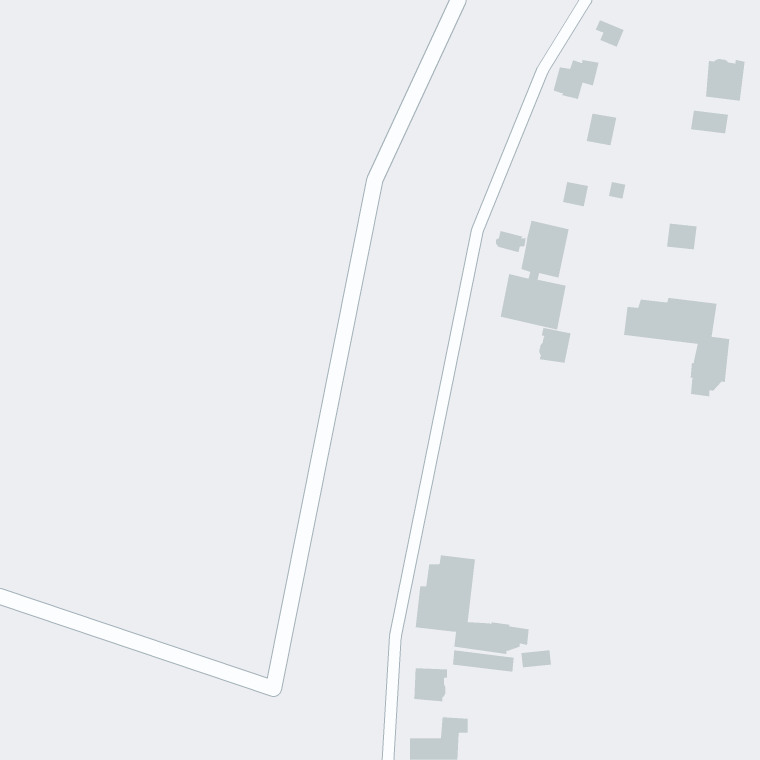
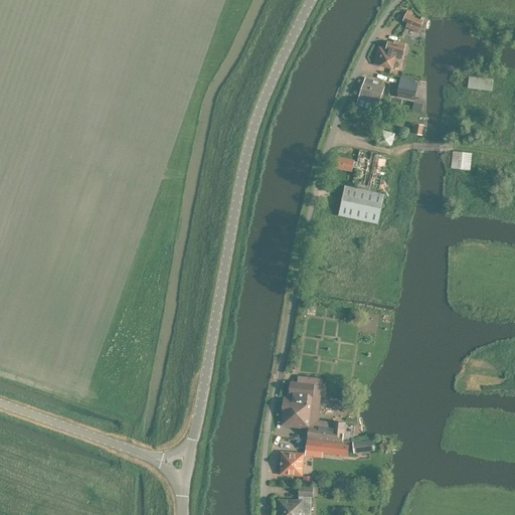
building: [706,58,745,102] -> none
building: none -> [355,76,384,110]
building: [624,297,730,397] -> none
building: [539,327,571,363] -> none

